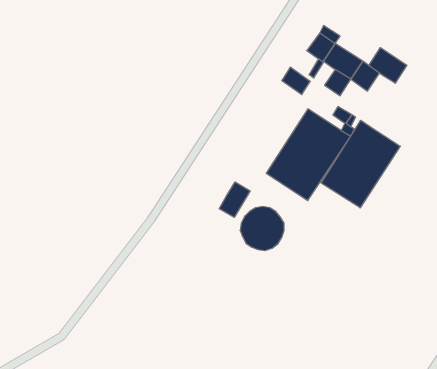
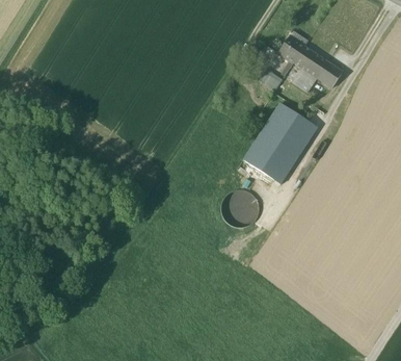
building: [369,48,407,83] -> none
building: [321,120,400,208] -> none
building: [219,182,250,217] -> none

